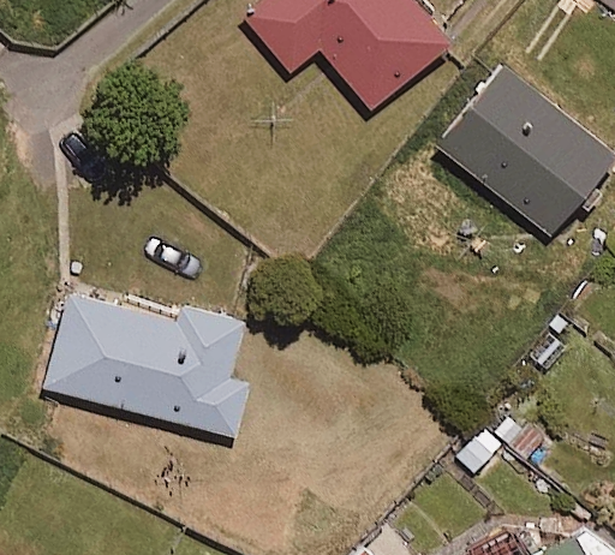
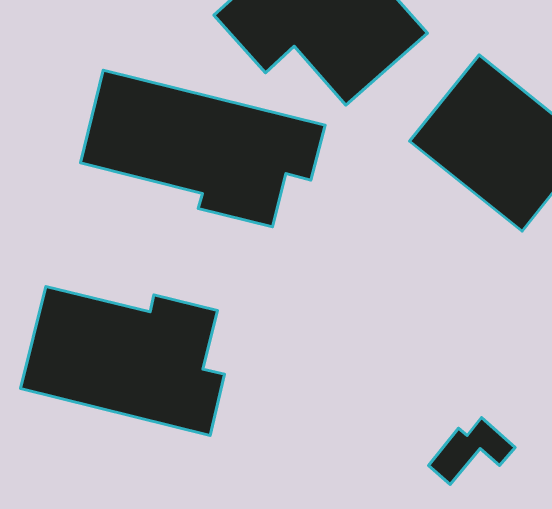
building: none -> [80,70,325,227]

